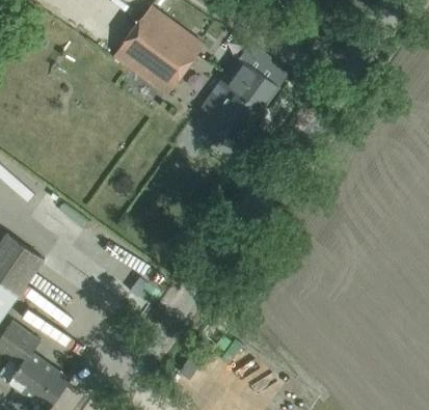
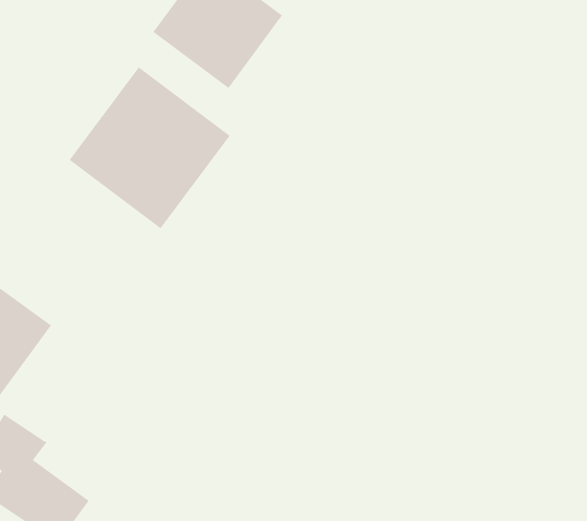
building: [196,44,290,142] -> none
building: none -> [69,66,230,229]

